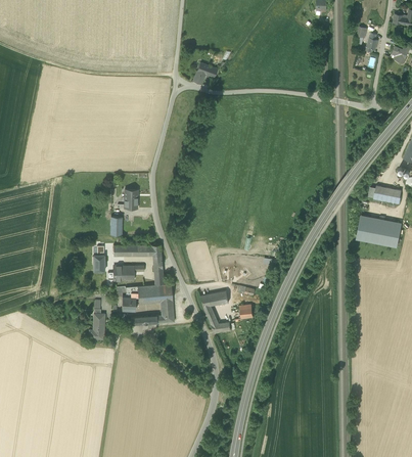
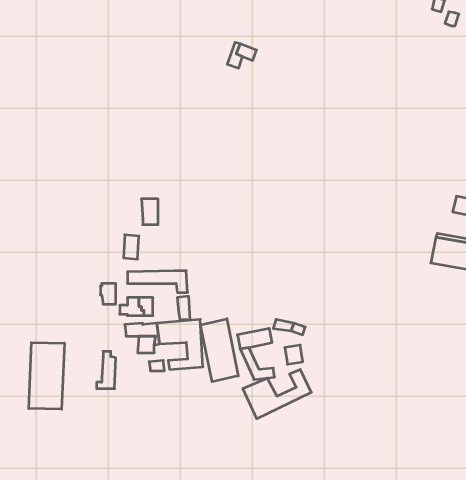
building: none -> [201,319,238,382]
building: none -> [29,343,64,409]
building: none -> [243,369,311,419]

